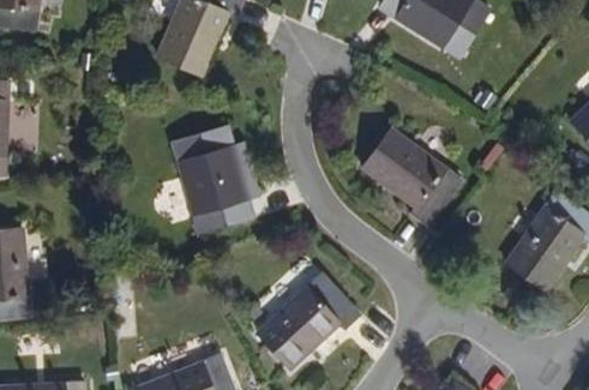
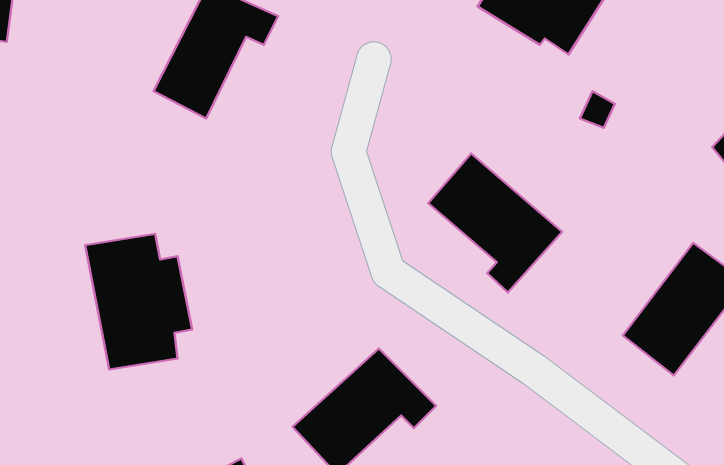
building: [176,134,257,236] -> [85,234,192,370]

